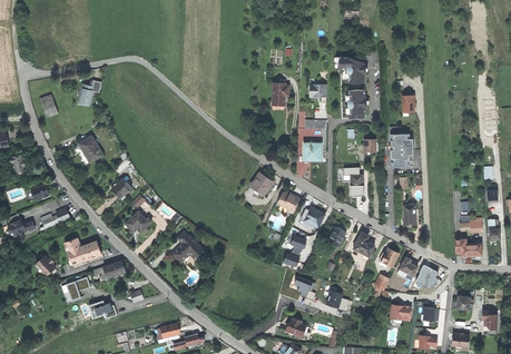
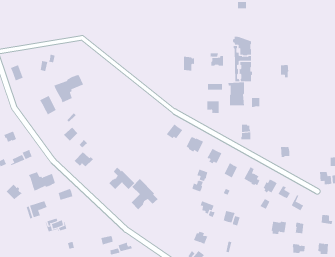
building: none -> [54,74,84,103]
building: [389,134,412,166] -> [227,82,245,106]
building: none -> [131,178,159,210]

